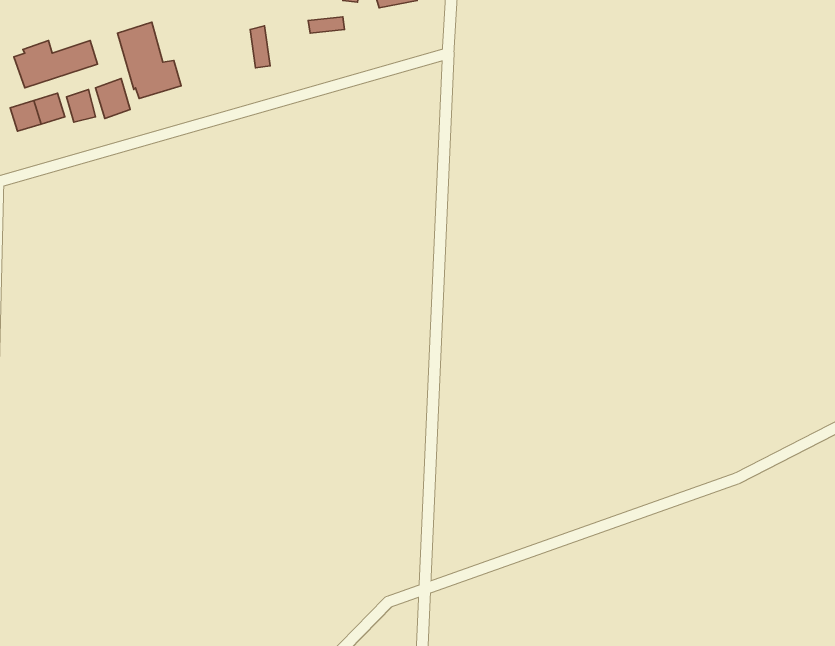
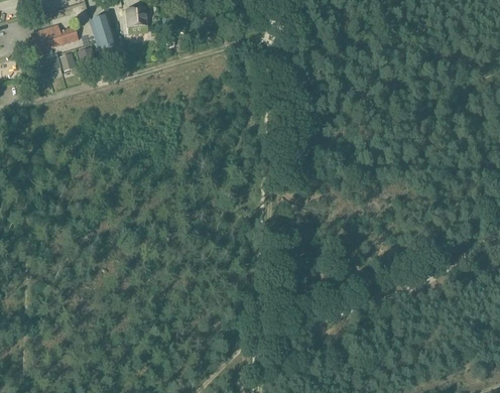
building: none -> [126,6,144,30]

